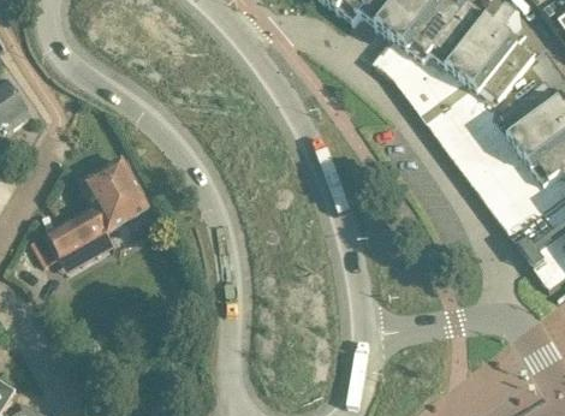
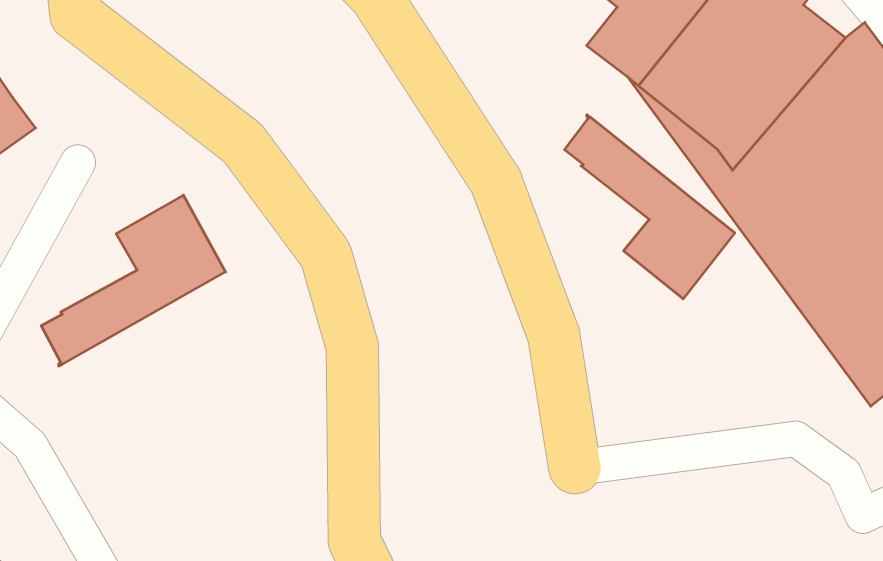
building: none -> [565,115,735,299]

